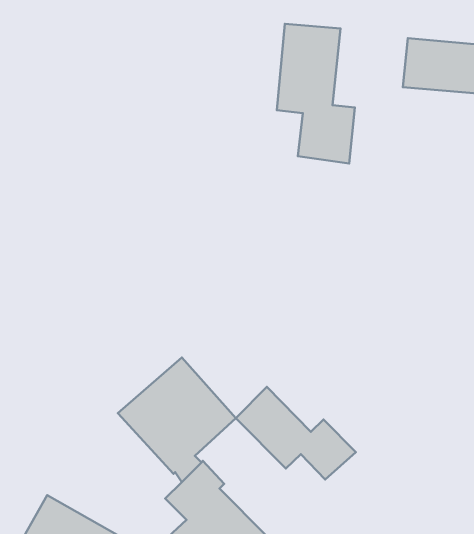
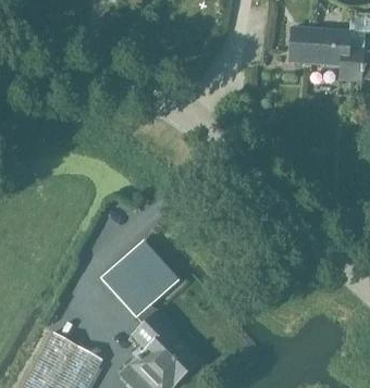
building: [277,24,355,163] -> none
building: [236,387,356,480] -> none

